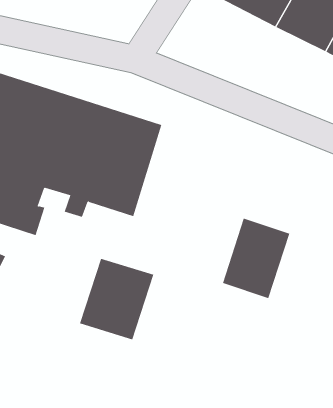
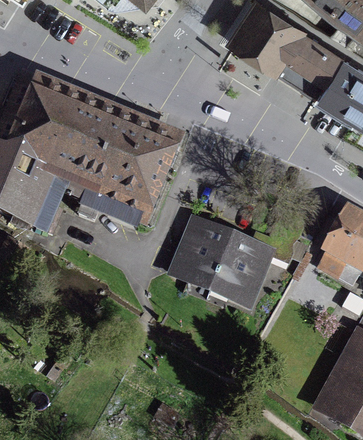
building: [79,258,154,340] -> [167,212,236,286]

